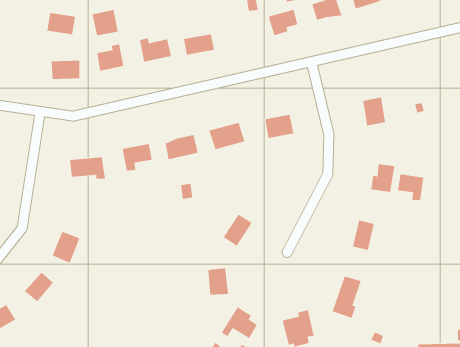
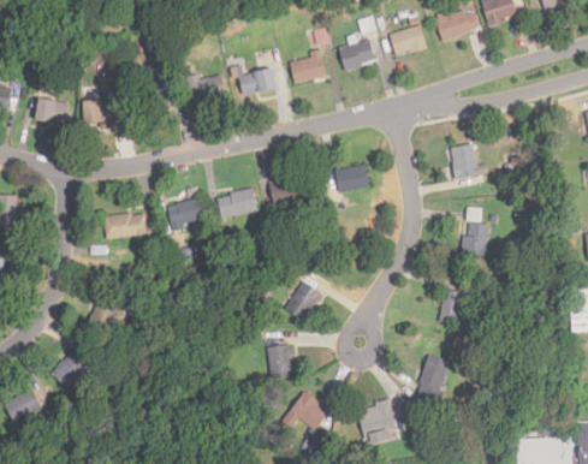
building: [92,9,118,36] -> none
building: [46,13,76,35] -> [35,97,70,124]
building: none -> [291,48,327,82]
building: [398,174,424,201] -> none

